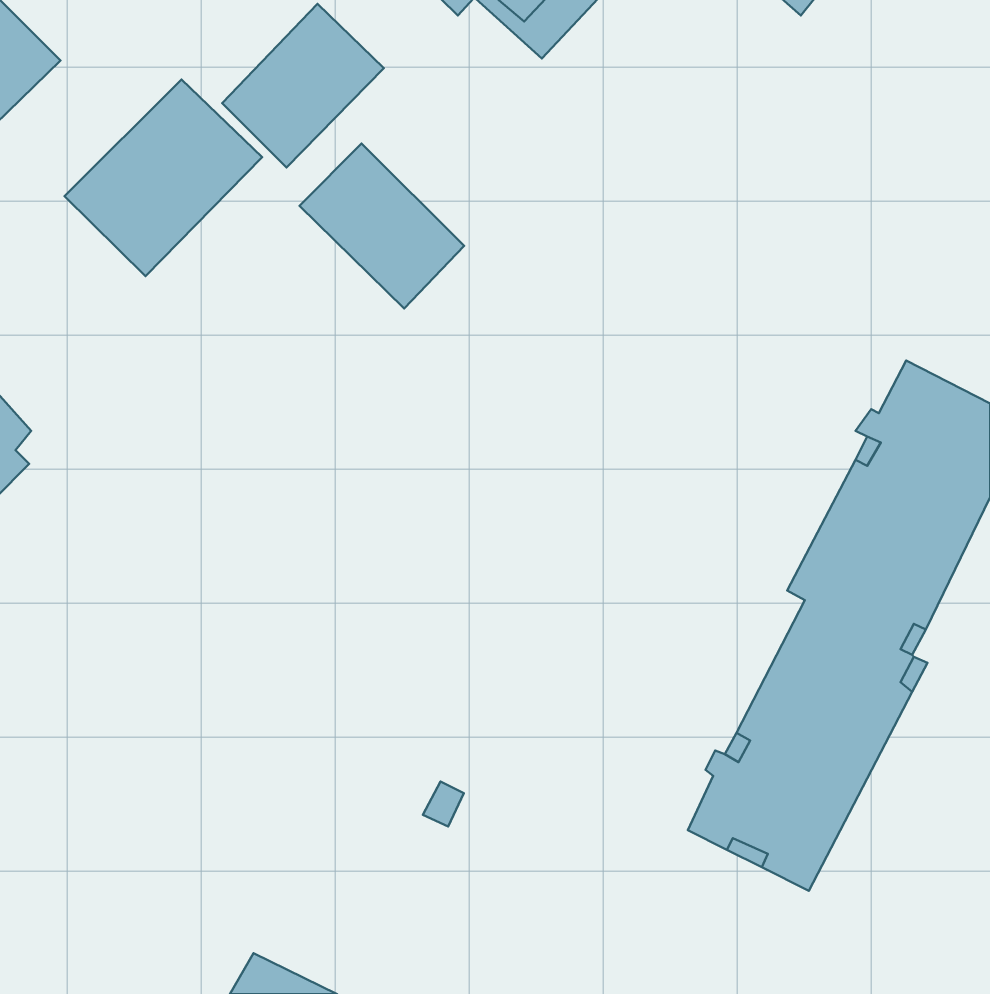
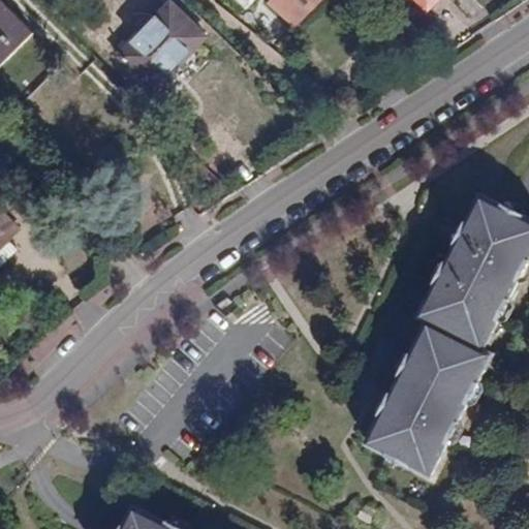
building: [65,79,262,276] -> none
building: [299,143,464,309] -> none

